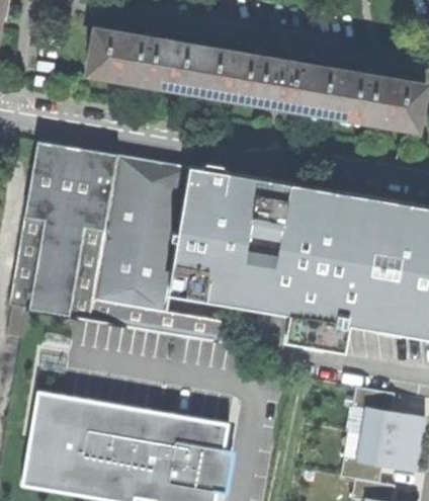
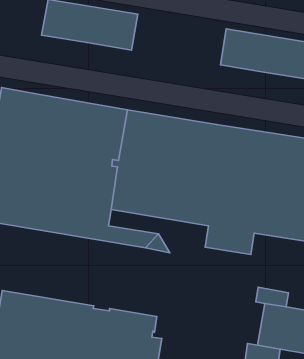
building: [197,50,315,112] -> none

